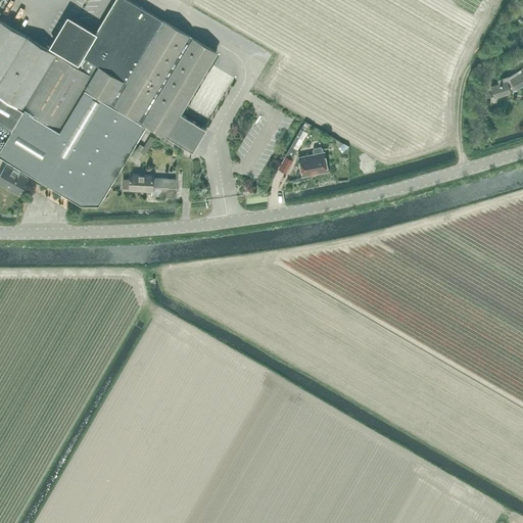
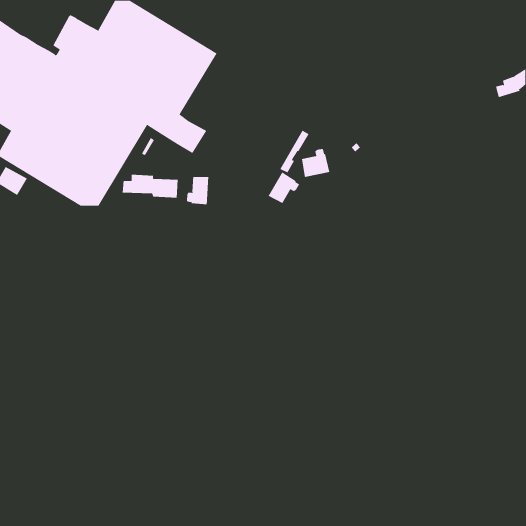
building: none -> [268,172,300,204]
building: none -> [187,176,209,205]

